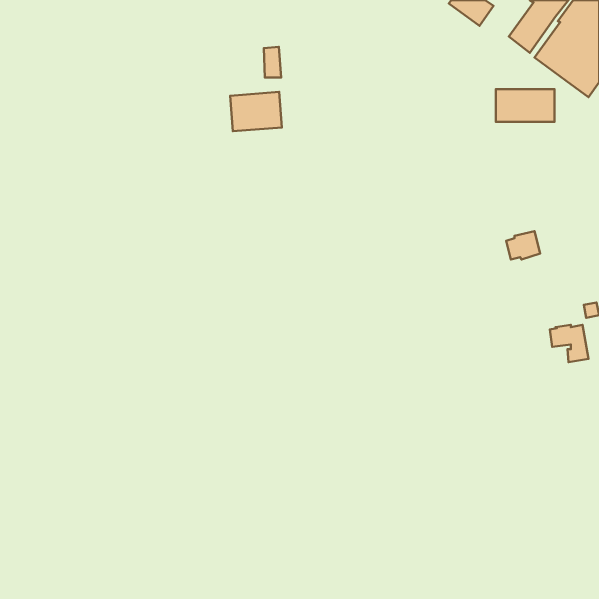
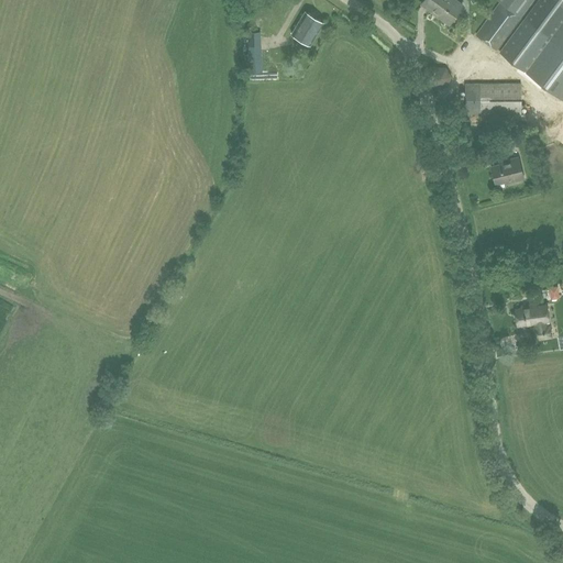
building: none -> [291,11,323,45]
building: [230,92,282,131] -> none
building: [506,231,540,259] -> [492,157,523,184]

